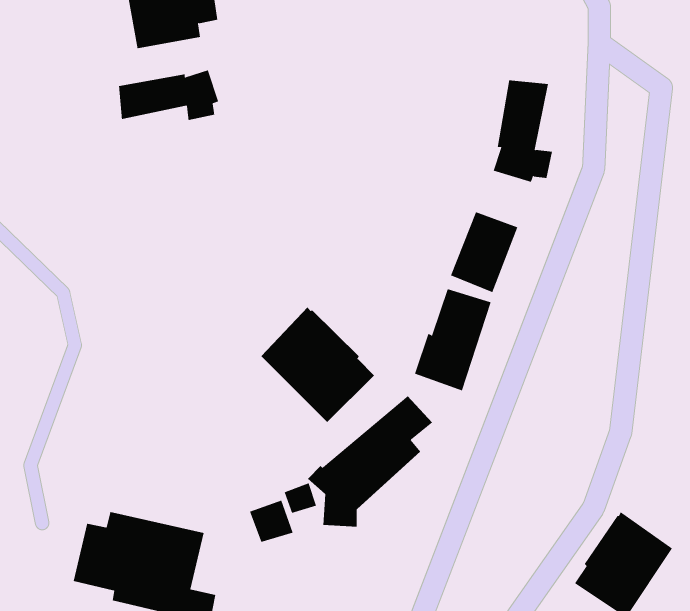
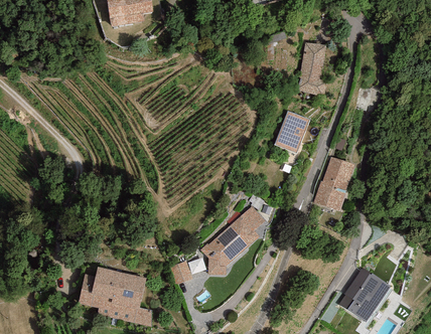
building: [118,70,219,121] -> none
building: [414,288,492,391] -> [313,157,353,210]
building: [260,306,375,423] -> none

